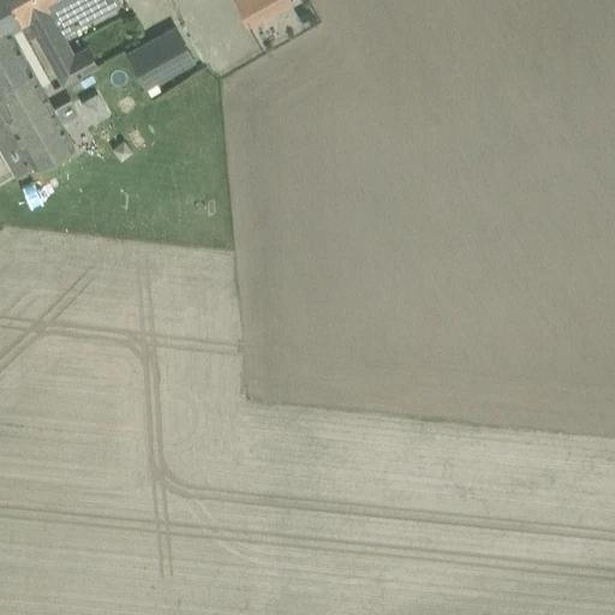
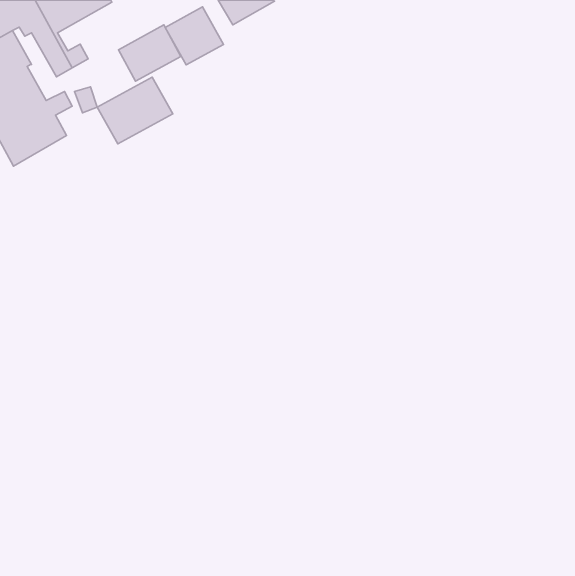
building: none -> [165,7,223,65]
building: none -> [97,77,173,144]

